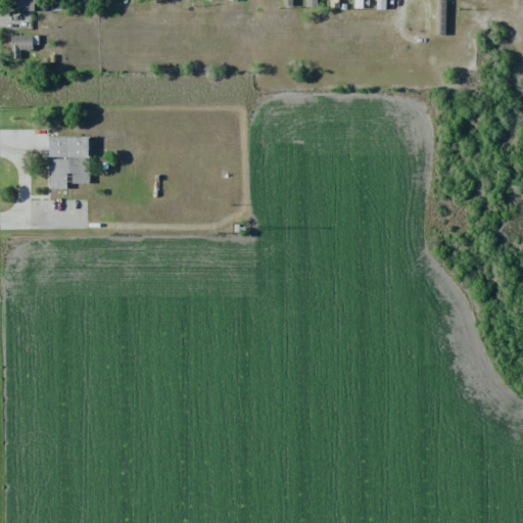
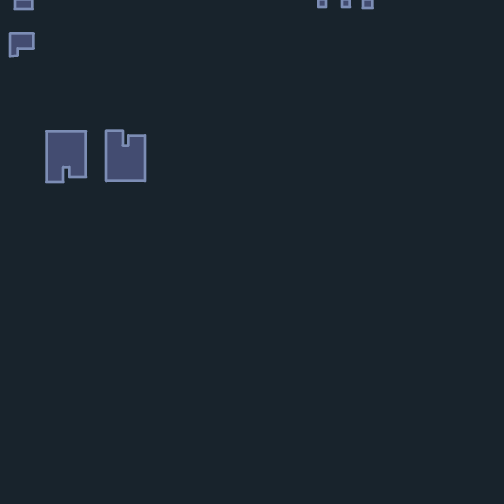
building: none -> [106,131,145,181]

